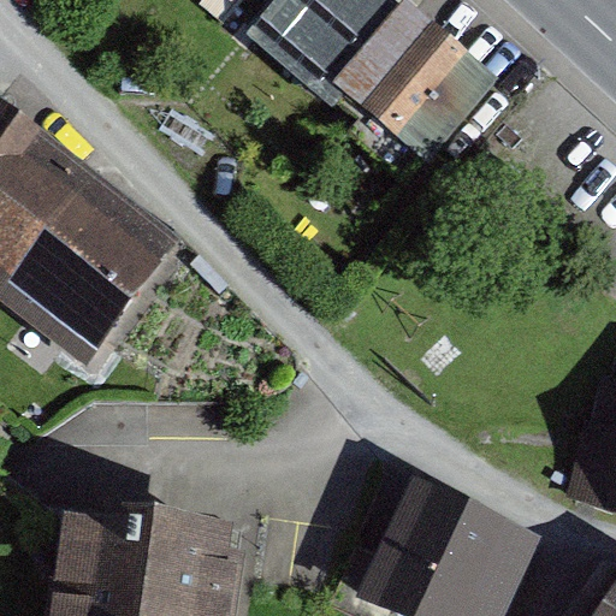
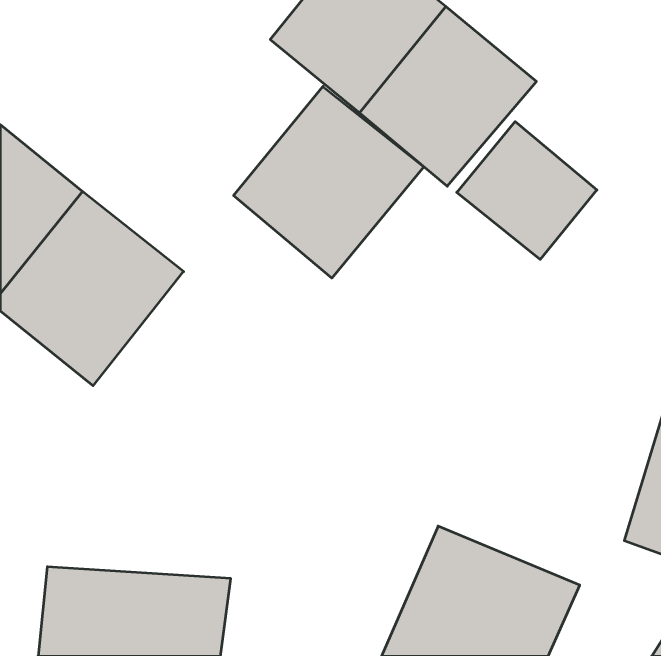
building: none -> [234,86,424,278]
building: none -> [457,122,597,259]

